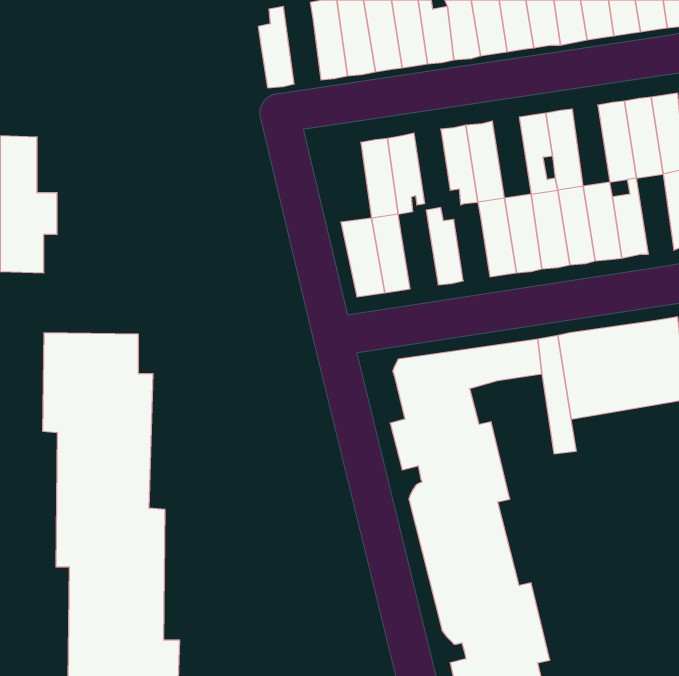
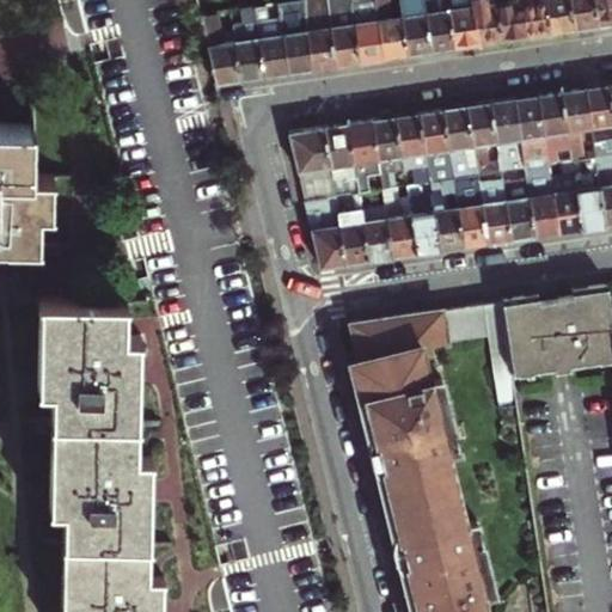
building: none -> [256,8,289,79]
building: none -> [202,14,241,86]
building: none -> [515,98,549,171]
building: none -> [443,109,478,182]
building: none -> [373,120,405,192]
building: none -> [290,131,335,203]
building: none -> [573,160,606,232]
building: none -> [406,186,441,256]
building: none -> [361,208,394,263]

